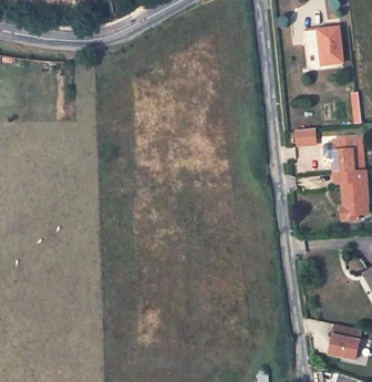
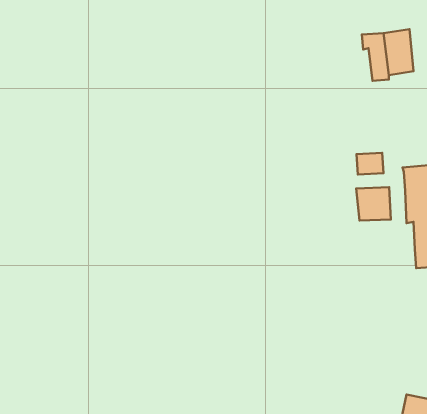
building: none -> [356,187,391,220]

